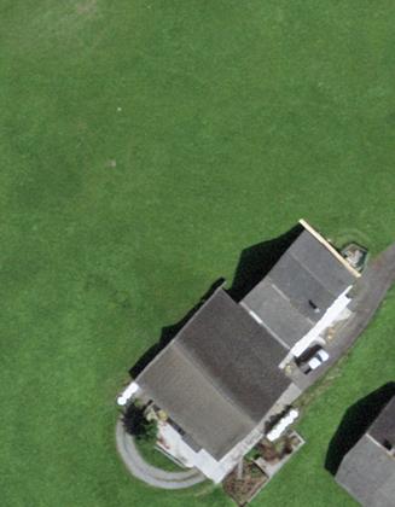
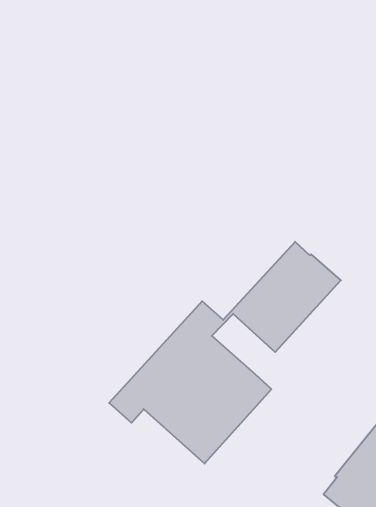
building: [228,307,290,366] -> none

